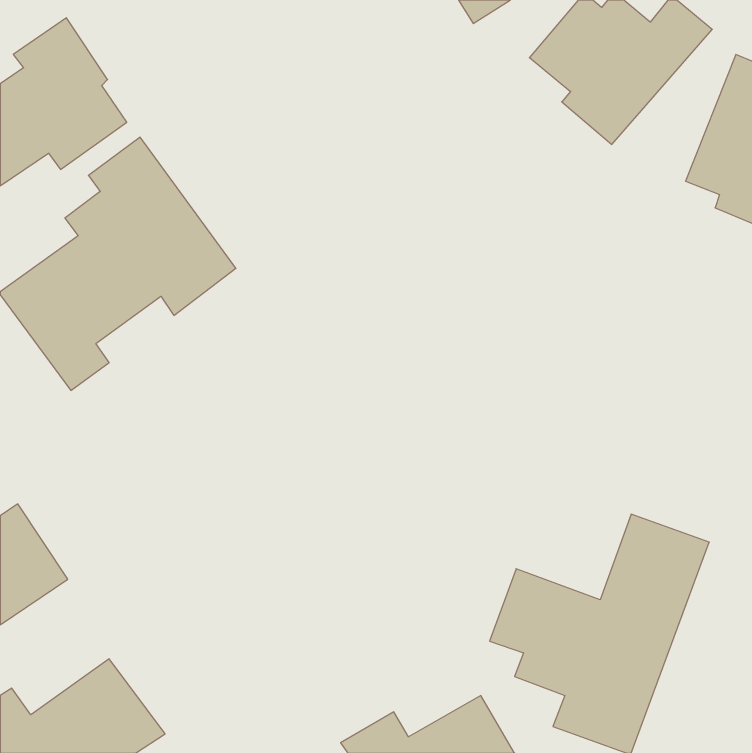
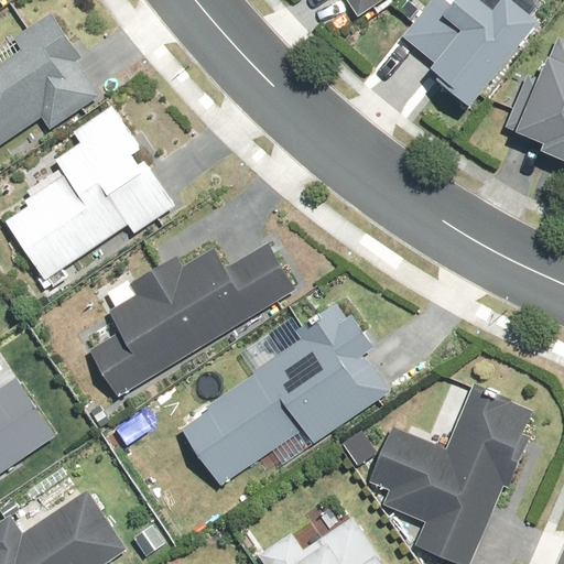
building: none -> [85,243,296,399]
building: none -> [175,299,391,485]

